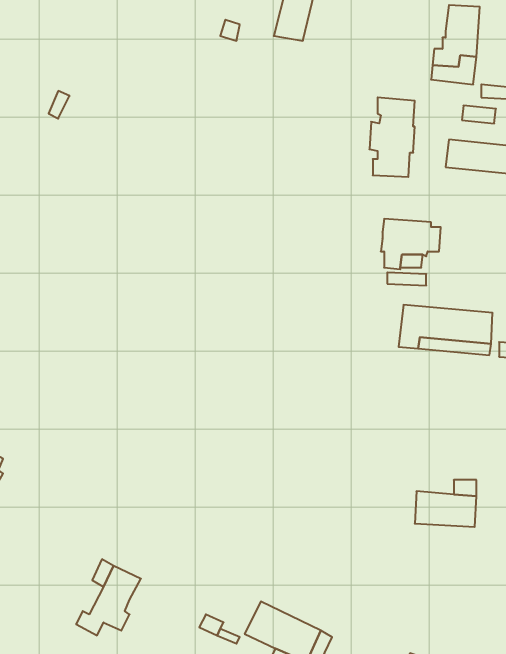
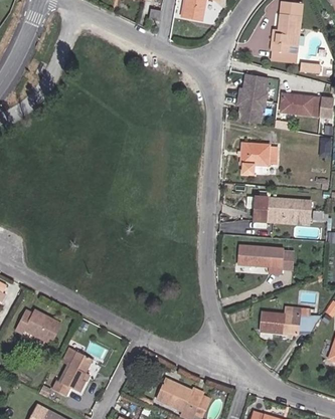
building: none -> [235,243,281,272]
building: none -> [15,312,59,346]

